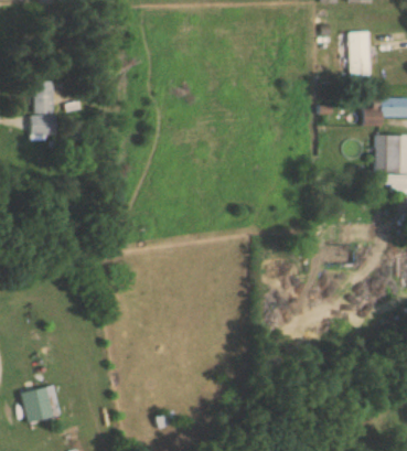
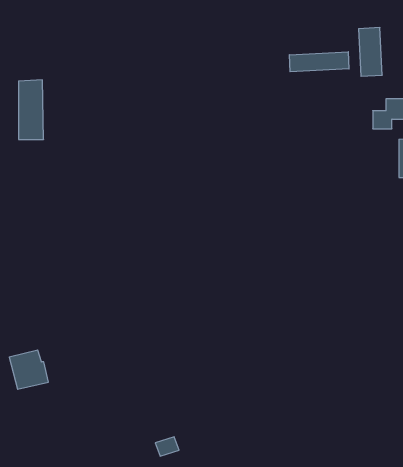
building: none -> [289,52,349,72]
building: [22,387,58,423] -> [9,350,48,389]

